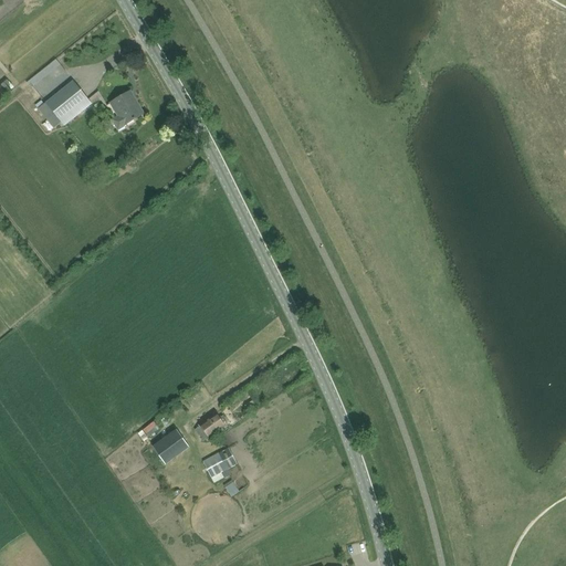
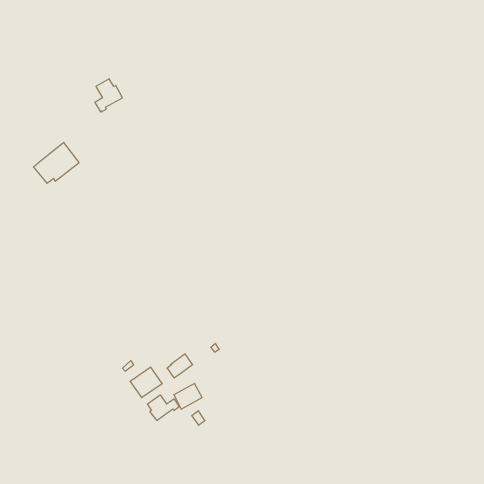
building: [38,80,91,127] -> [33,142,79,183]
building: none -> [148,395,179,421]

